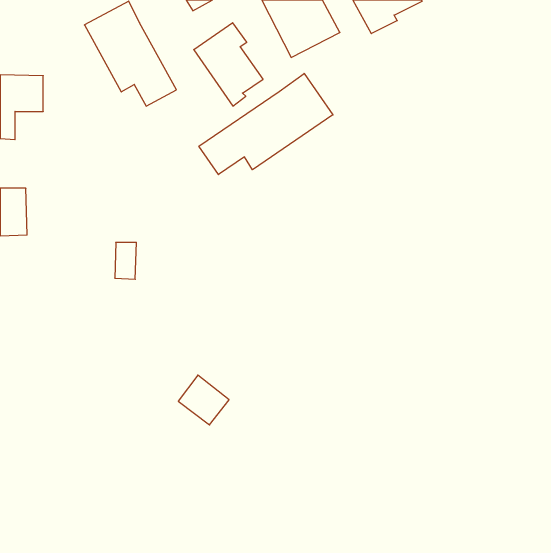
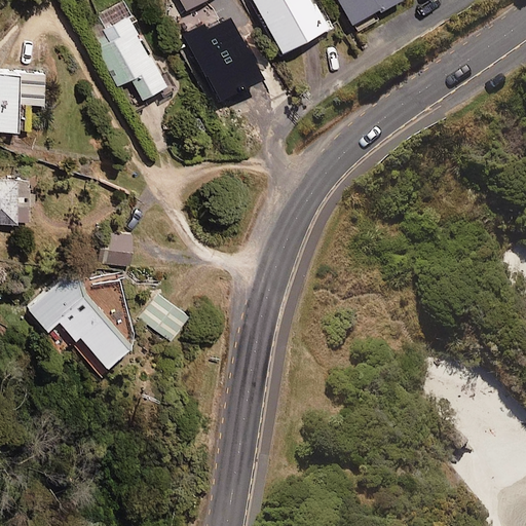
building: [199,73,333,175] -> none
building: none -> [26,274,132,375]
building: [178,375,229,425] -> [140,294,188,341]

